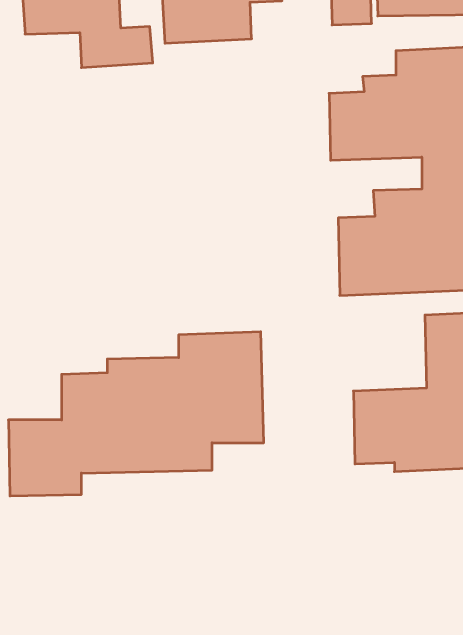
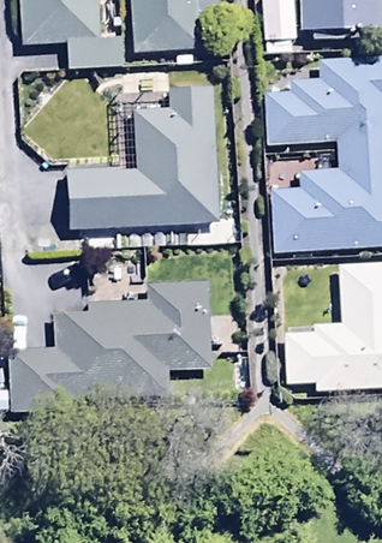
building: none -> [68,88,217,229]

